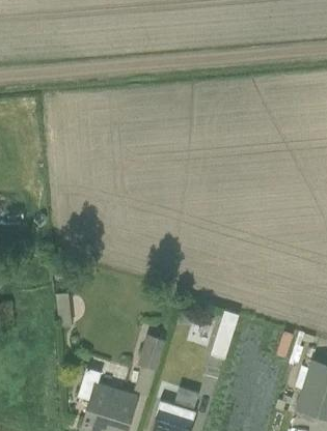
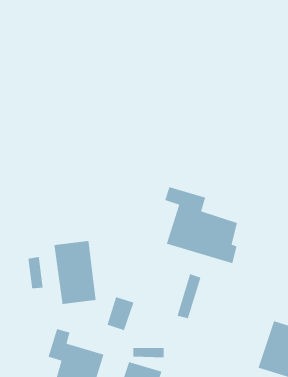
building: none -> [164,186,238,264]
building: none -> [54,240,97,305]

